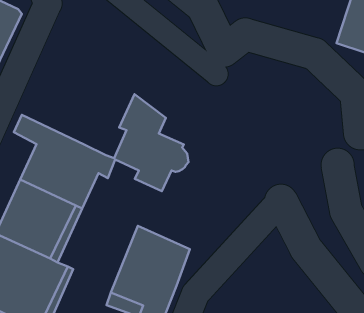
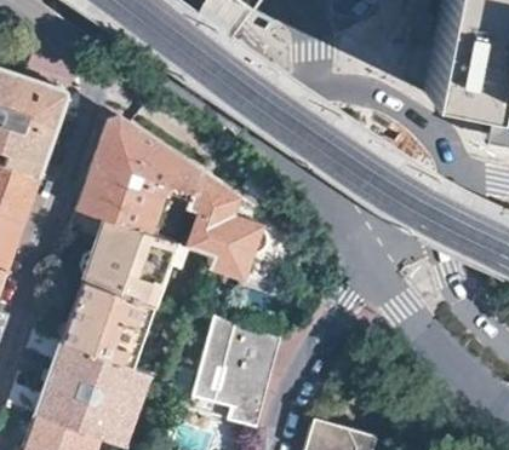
building: none -> [78,117,201,235]

